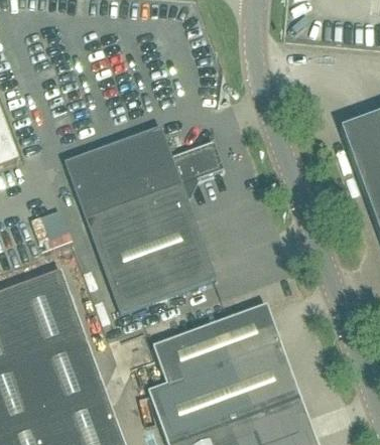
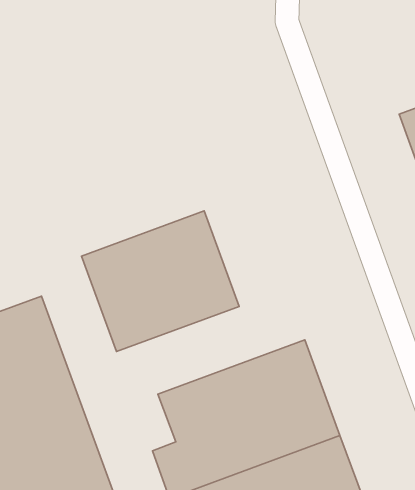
building: [64,126,222,238] -> none

